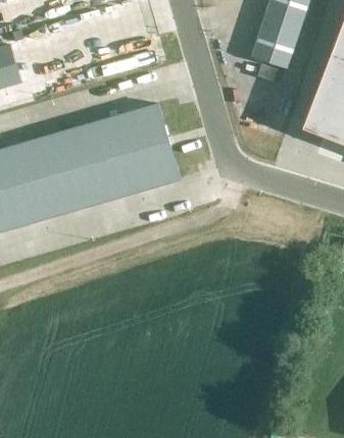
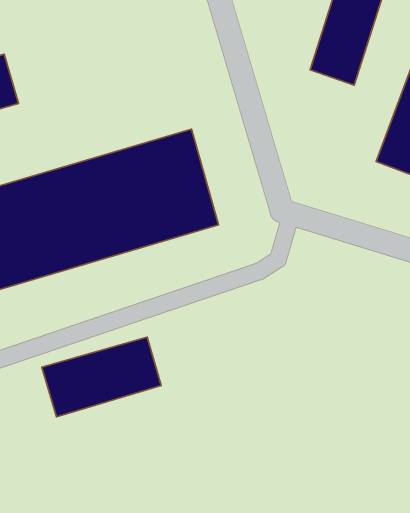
building: none -> [42,337,161,417]

